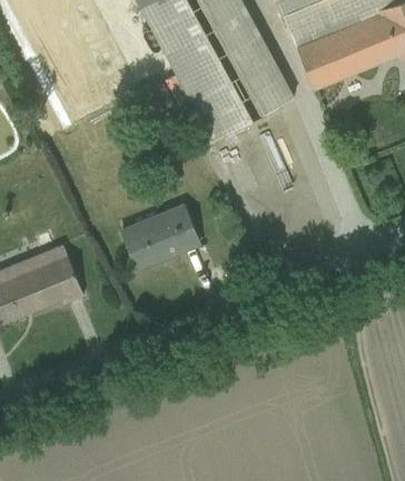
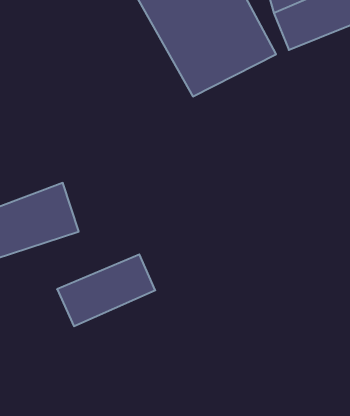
building: [107,199,210,274] -> [57,254,155,326]

